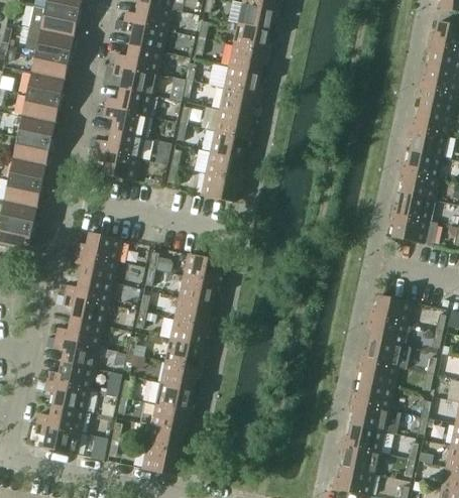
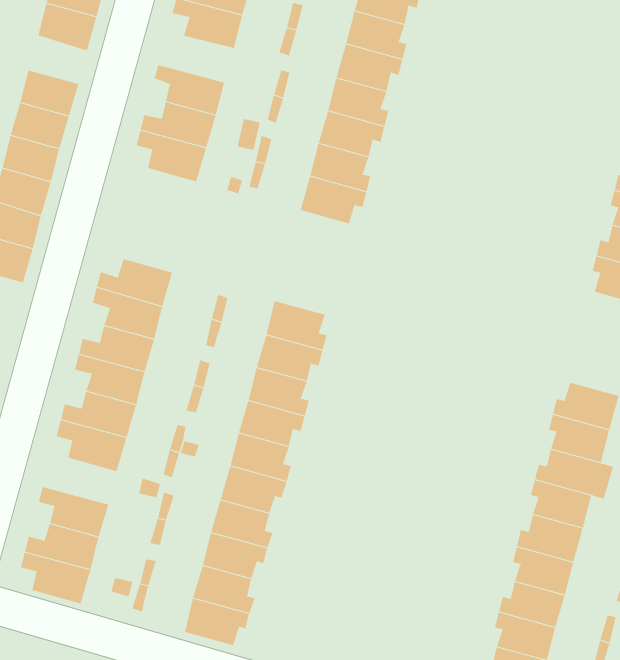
building: [104,88,152,116] -> none
building: [21,93,59,122] -> none
building: [45,361,93,389] -> none

